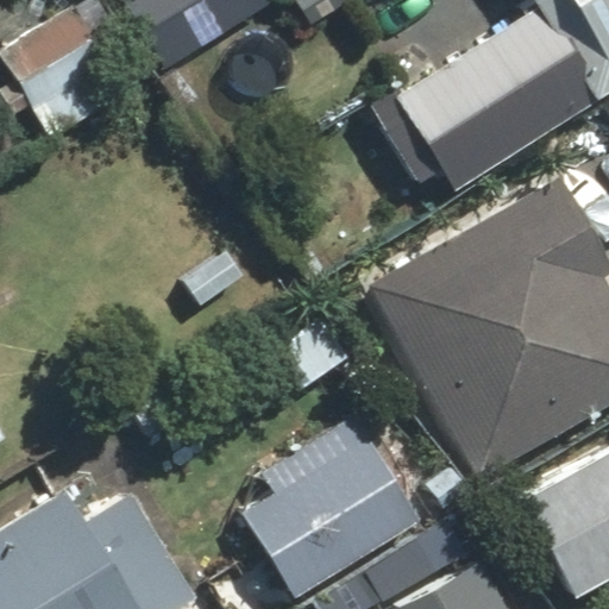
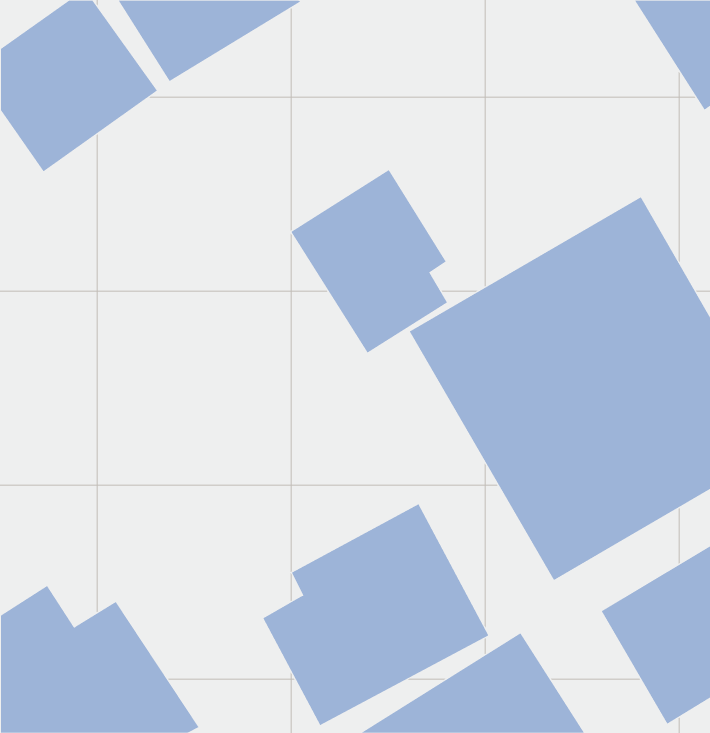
building: [364,8,588,199] -> none
building: none -> [290,169,448,353]

